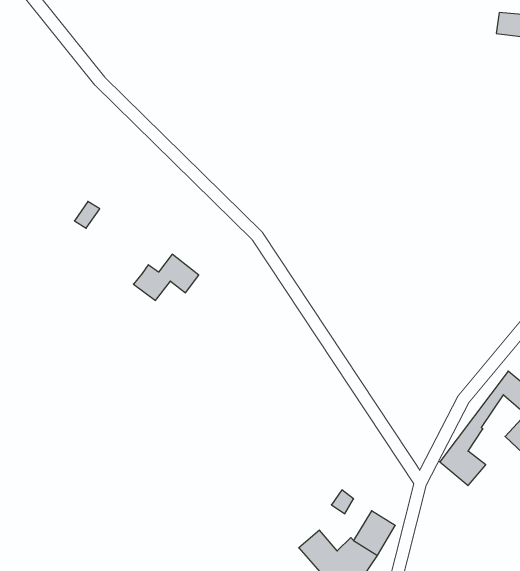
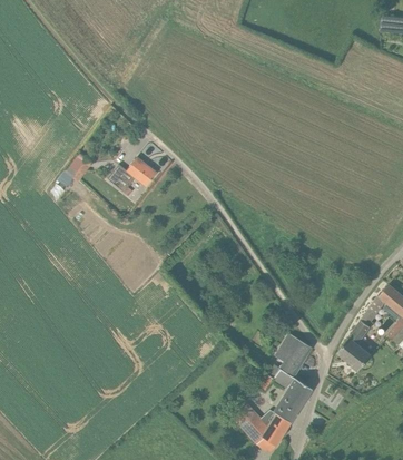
building: [133,254,199,300] -> [107,157,156,192]
building: none -> [275,333,312,376]

